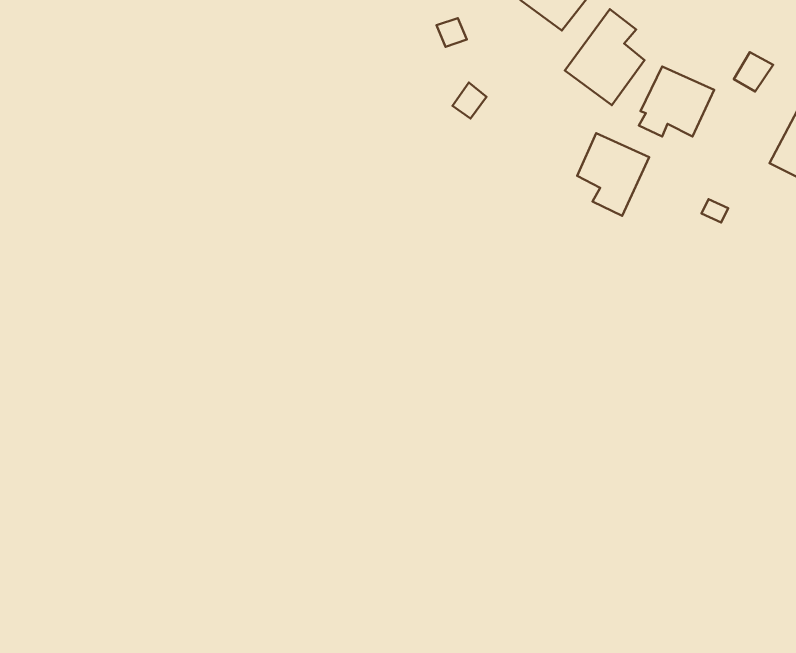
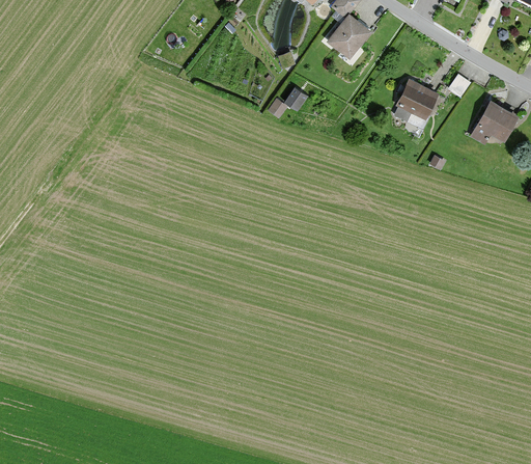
building: [565,9,644,105] -> none
building: [577,133,649,216] -> none

